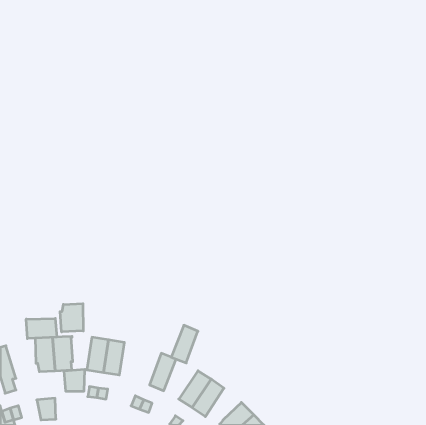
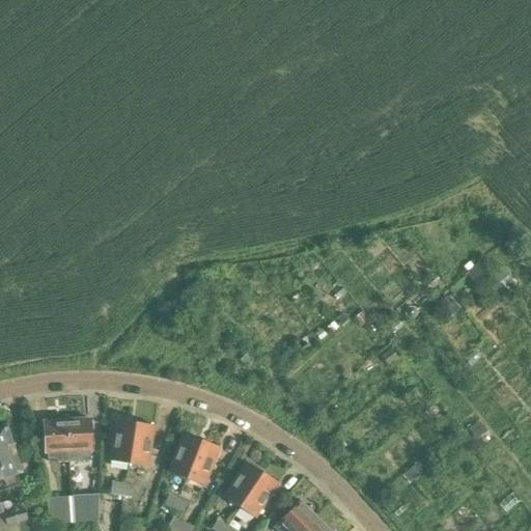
building: [60,304,83,332] -> none
building: [26,318,57,339] -> none
building: [171,325,198,363] -> [168,431,201,478]
building: [64,369,85,391] -> [73,494,99,521]

